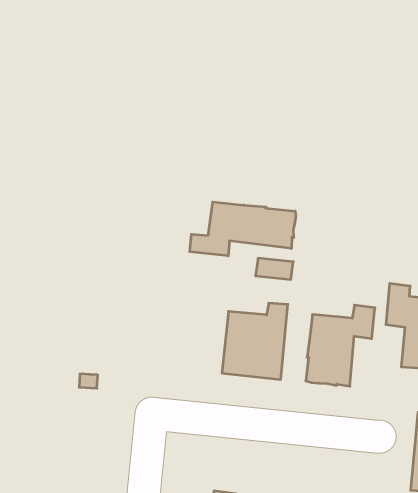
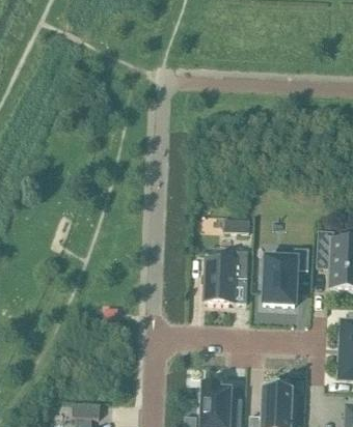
building: [190,202,296,256] -> none

